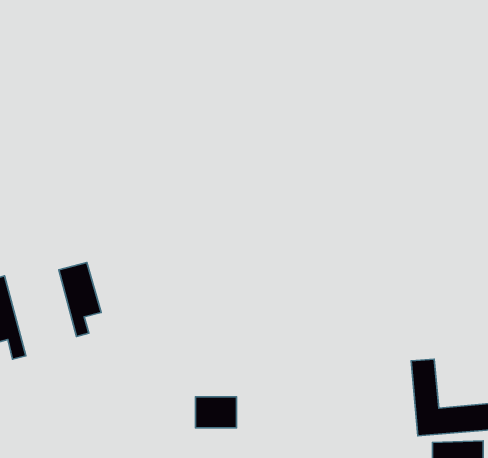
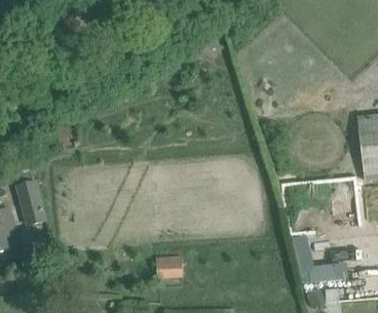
building: [59,263,101,337] -> none

